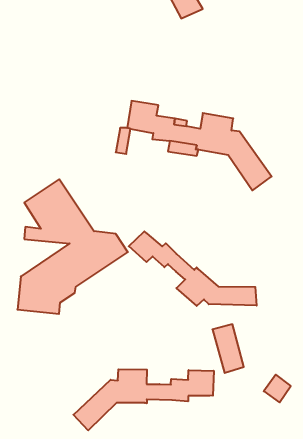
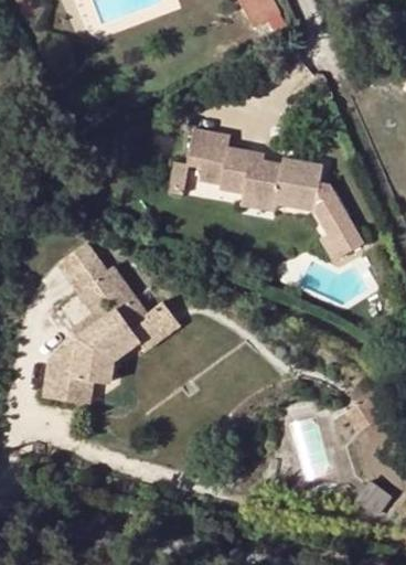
building: [129,231,257,306] -> none
building: [73,369,214,430] -> none

